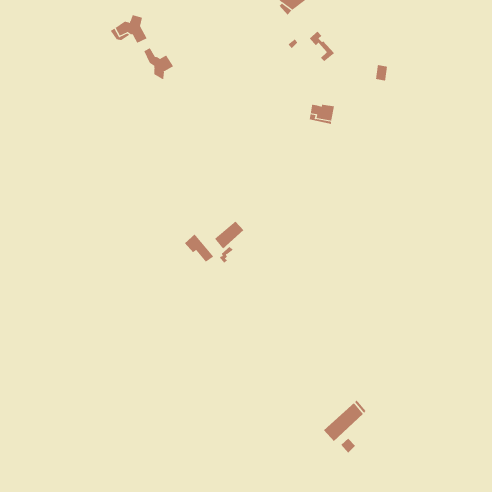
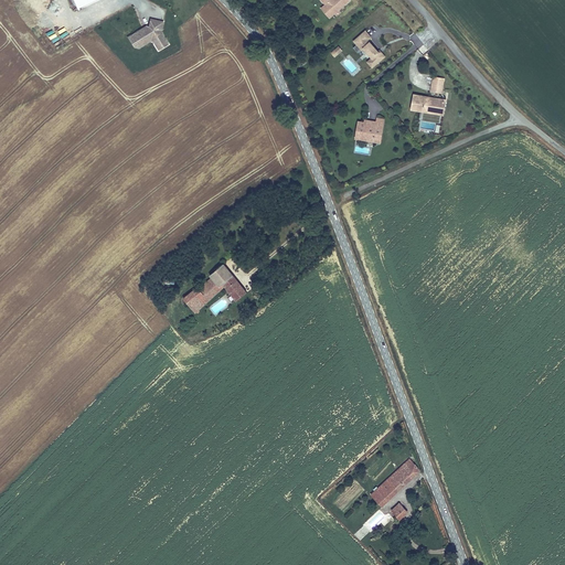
building: [143,47,174,80] -> none
building: none -> [408,92,446,115]
building: [214,221,244,250] -> [186,278,221,311]

